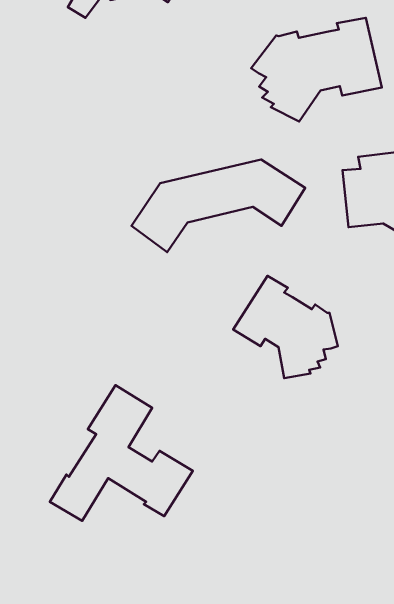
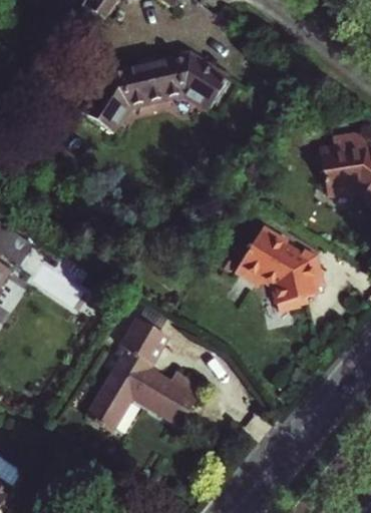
building: [251,18,382,122] -> none
building: [132,159,305,252] -> [84,53,231,131]

